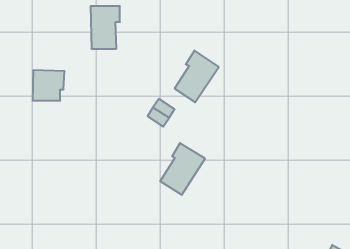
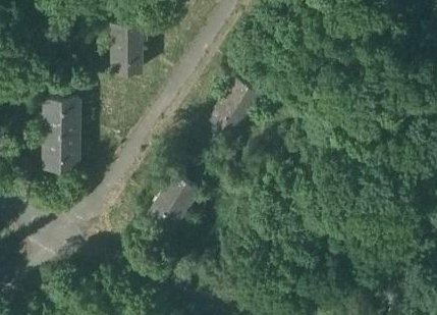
building: none -> [43,134,79,169]
building: [160,143,205,195] -> [147,170,200,231]

